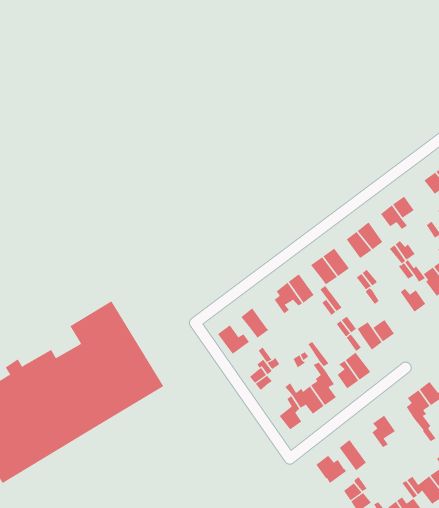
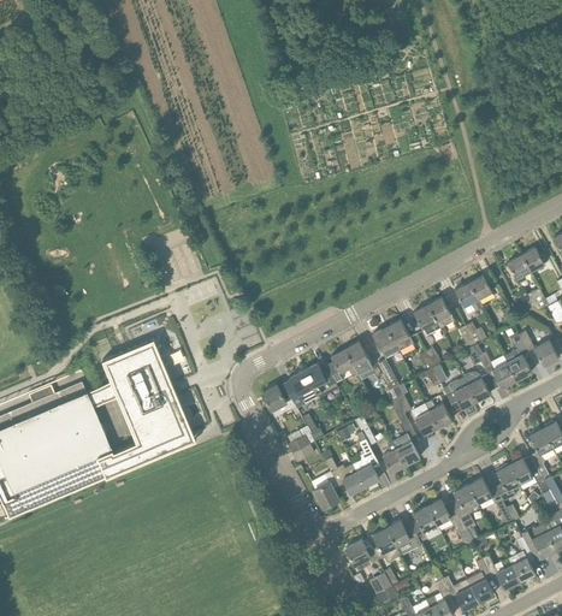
building: none -> [443,378,475,410]
building: none -> [303,363,336,396]
building: none -> [427,499,472,546]
building: none -> [386,521,421,555]

